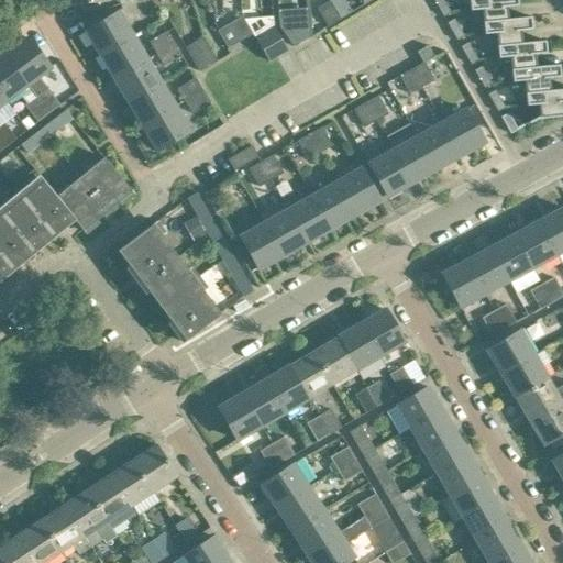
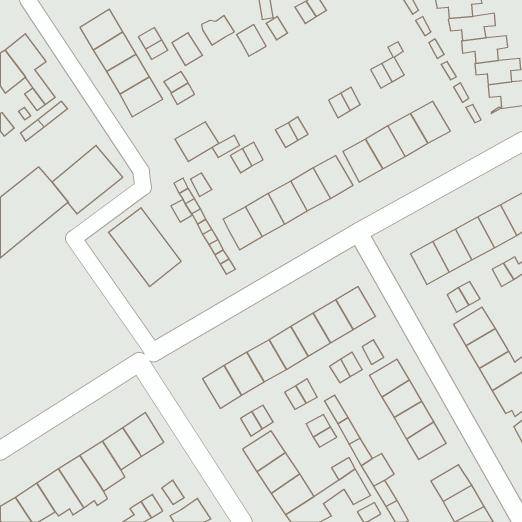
building: [143,107,190,150] -> [175,122,219,162]
building: [162,280,221,340] -> none
building: [451,476,494,517] -> none

